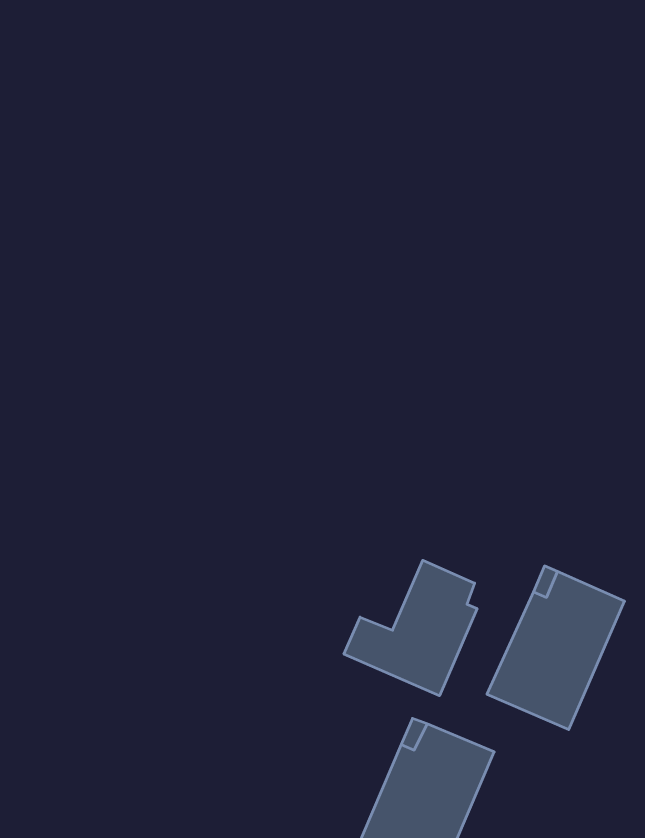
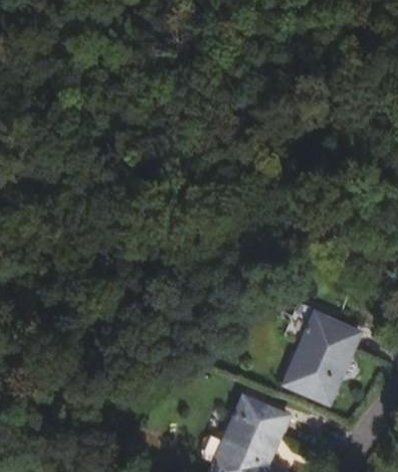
building: [344,560,477,696] -> none

